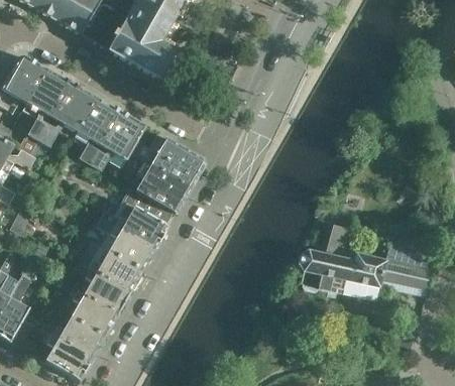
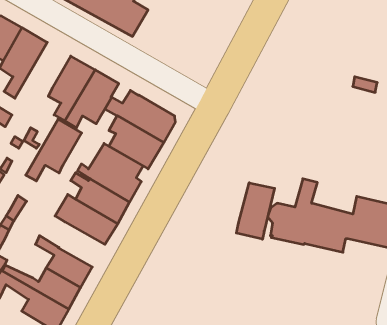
building: [38,84,96,147] -> [26,119,82,181]
building: none -> [236,183,275,239]
building: [83,268,131,314] -> none

